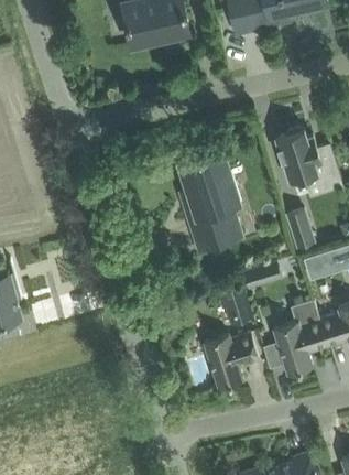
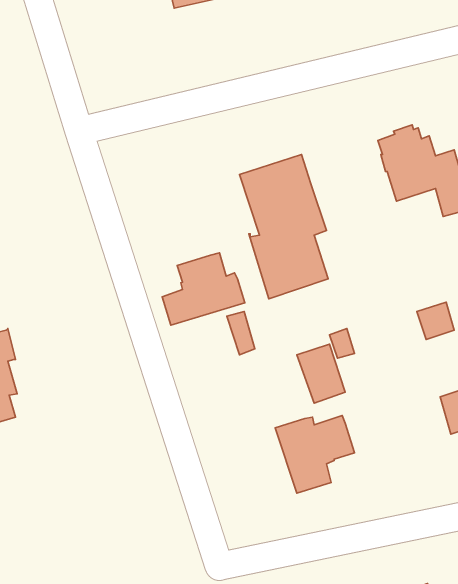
building: [286,209,314,248] -> none
building: none -> [162,253,245,325]
building: [262,302,327,375] -> none

